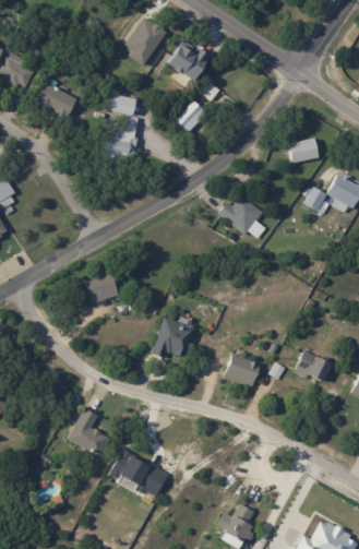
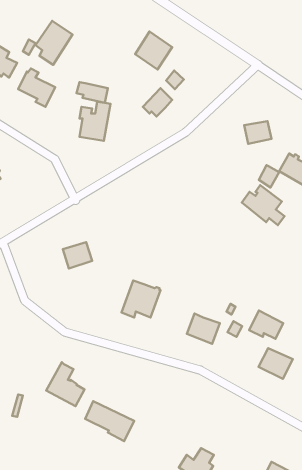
building: [123,15,165,64] -> [35,21,72,65]
building: [218,194,266,239] -> [242,185,285,225]
building: none -> [258,348,293,379]

